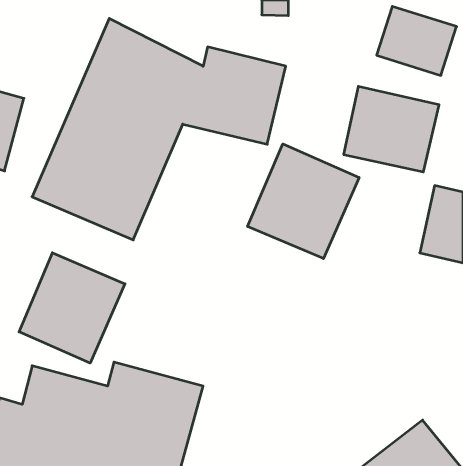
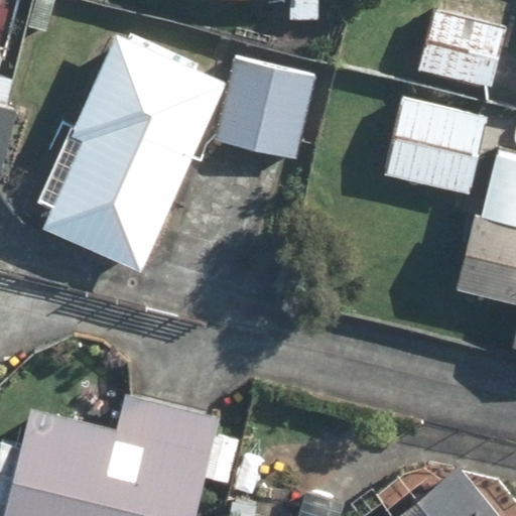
building: [248,144,359,259] -> none
building: [19,253,125,363] -> none

